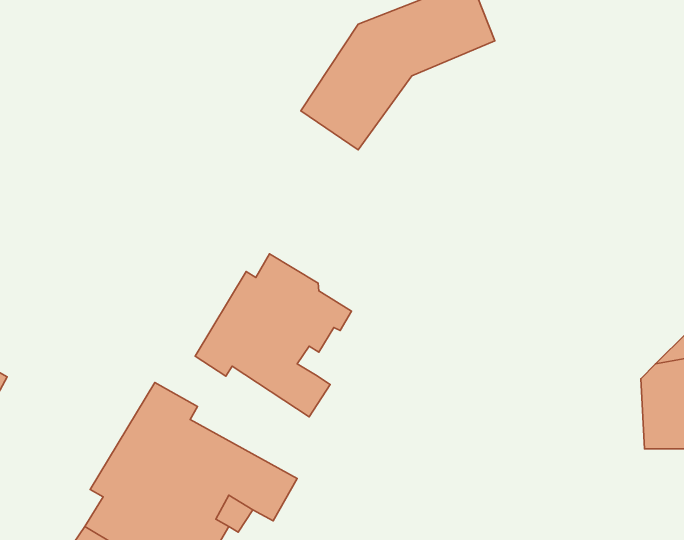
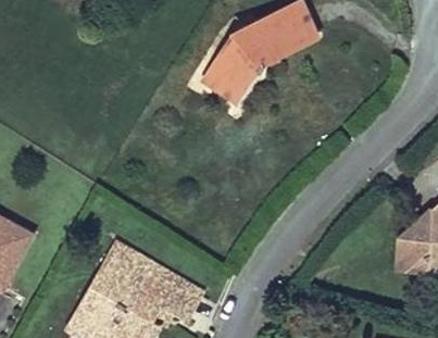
building: [195,254,352,417] -> none

